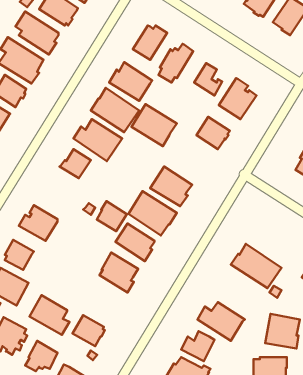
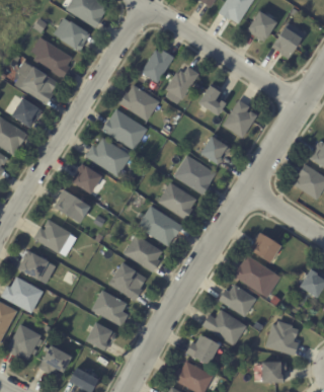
building: [132,104,177,146] -> [174,155,217,194]
building: [97,201,127,231] -> [55,189,83,218]
building: none -> [252,233,281,262]
building: none -> [219,285,257,317]
building: [30,295,69,335] -> [91,290,129,327]

